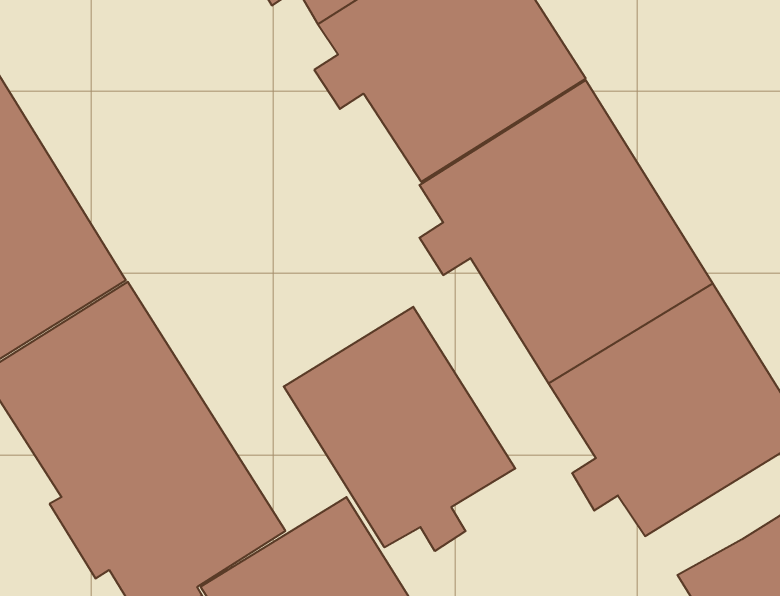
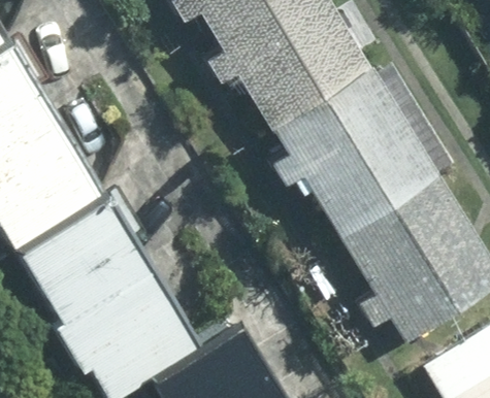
building: [284,307,515,551] -> none

